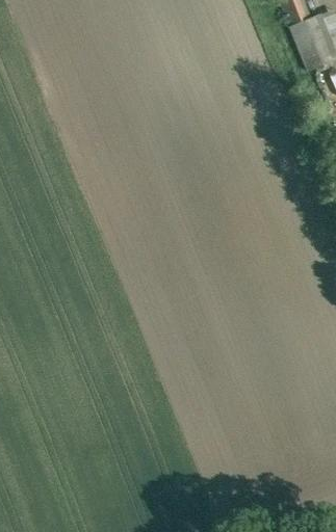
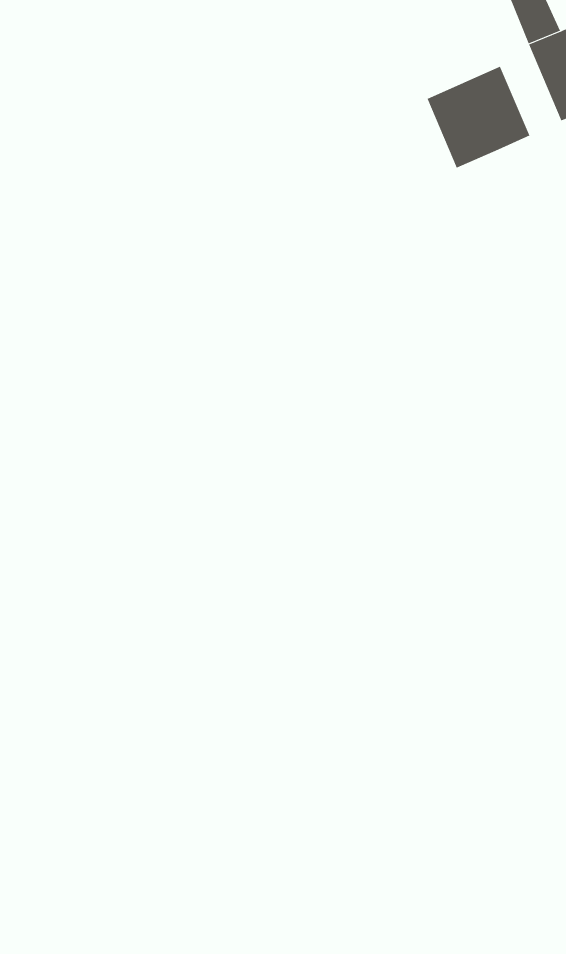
building: none -> [427,66,530,168]

